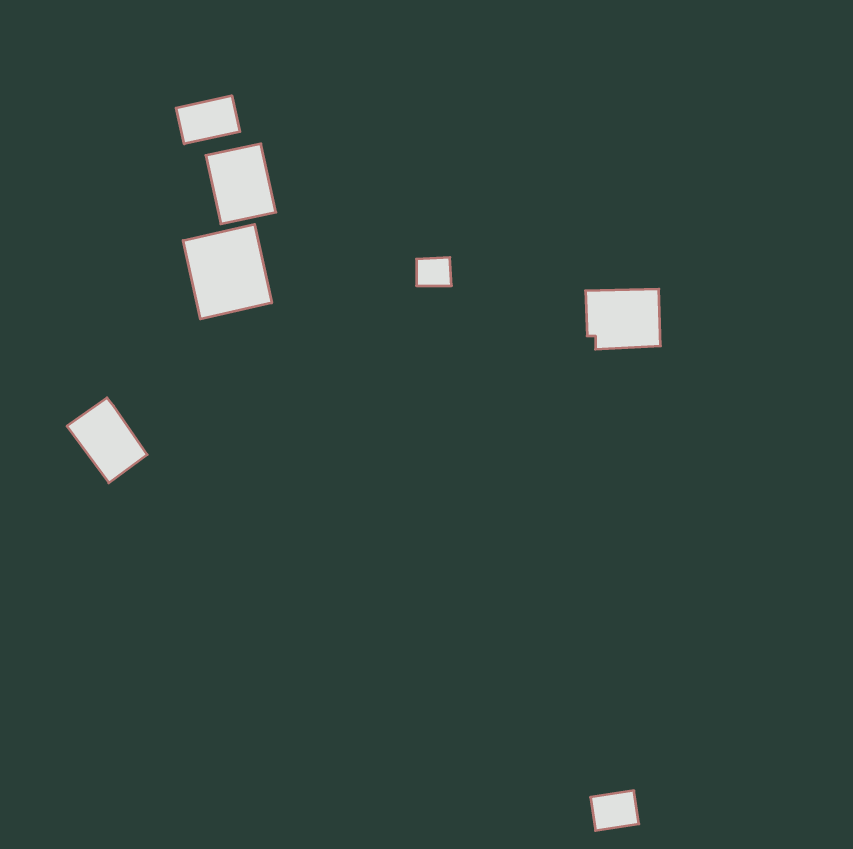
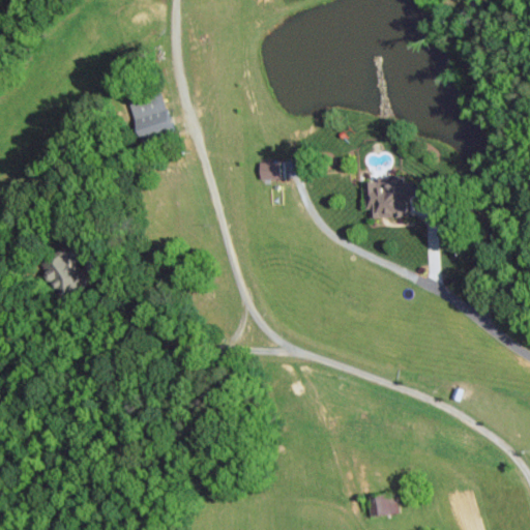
building: [176,96,240,144] -> none
building: [183,224,272,319] -> none

